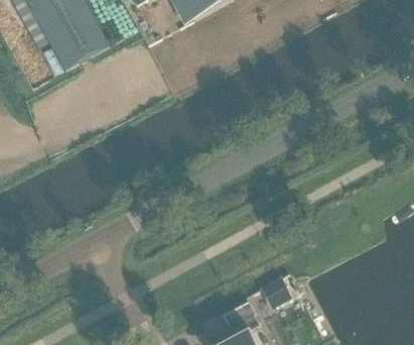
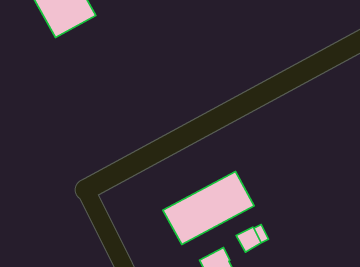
building: none -> [163,172,254,245]

